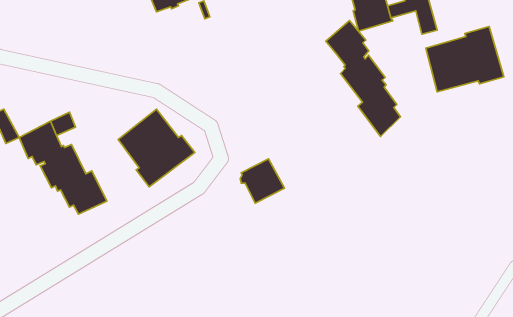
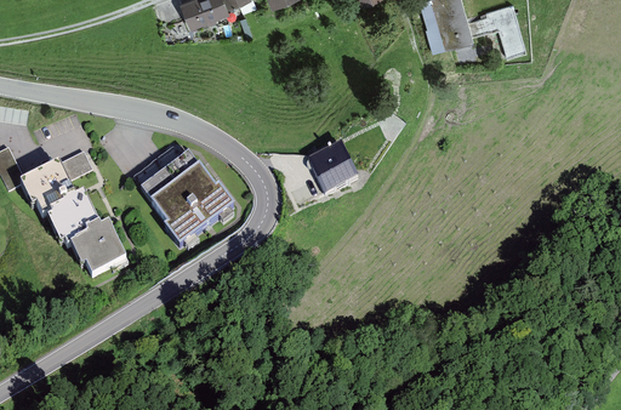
building: [326,20,400,137] -> none
building: [426,27,504,92] -> none
building: [240,159,285,203] -> [306,137,359,190]

